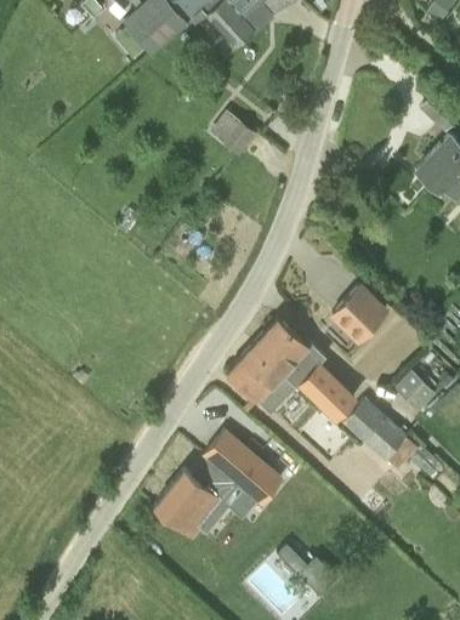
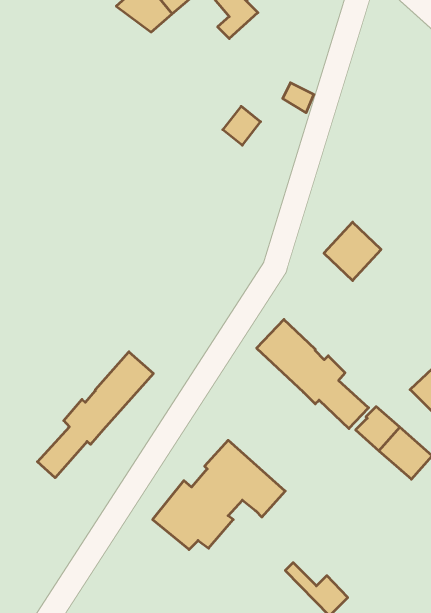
building: [333,285,386,340] -> [324,222,381,281]
building: [227,346,296,414] -> none
building: none -> [37,352,153,478]

